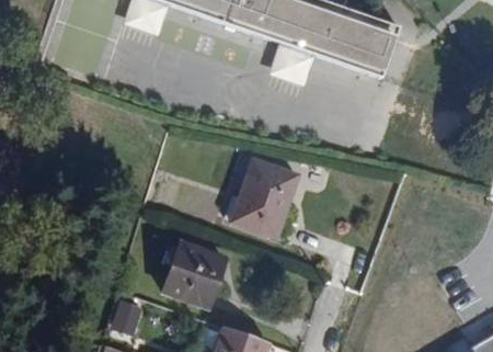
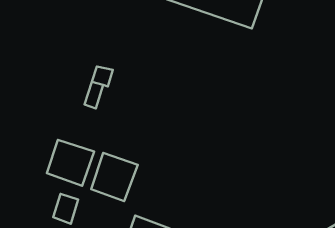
building: [228,159,297,238] -> none
building: none -> [47,140,94,186]

